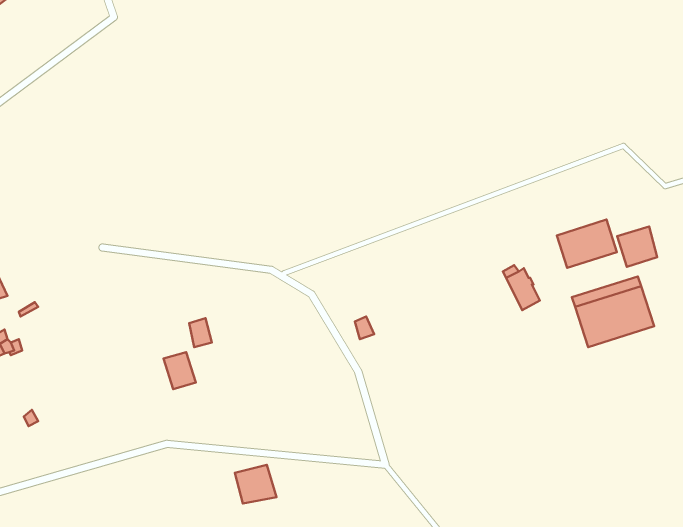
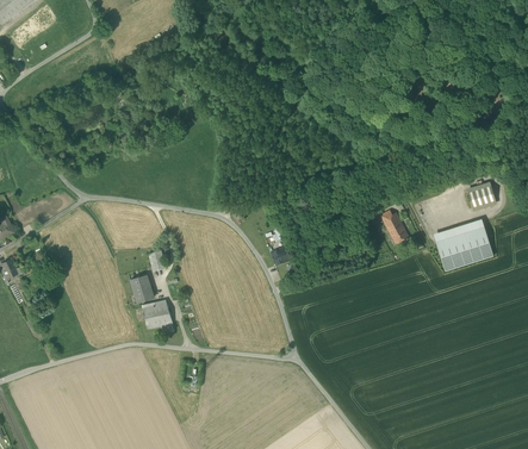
building: [557,220,617,268] -> none
building: [235,465,277,503] -> [142,299,173,328]

